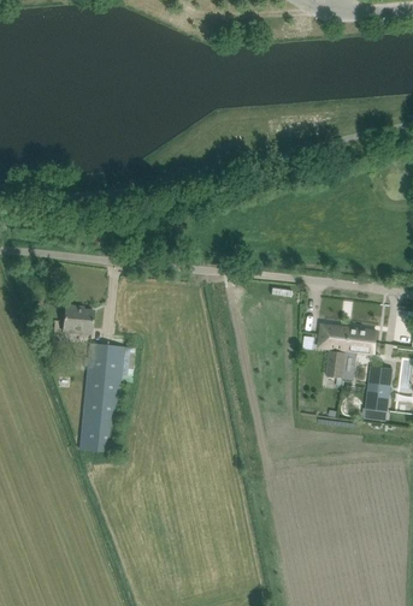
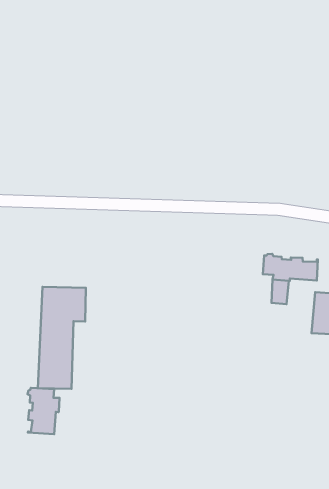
building: [61,304,93,333] -> none
building: none -> [27,388,60,434]

